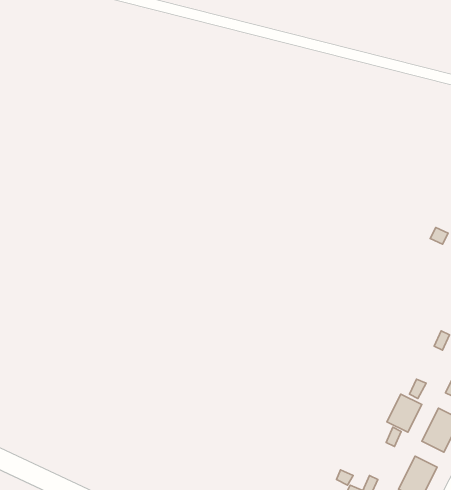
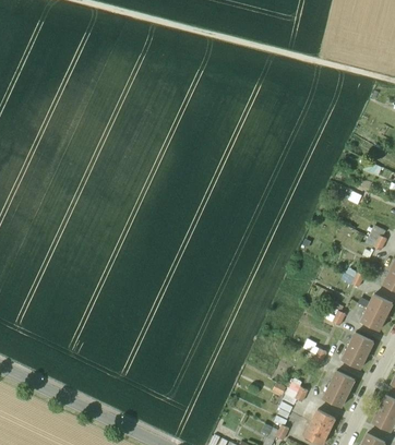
building: [387,394,422,432] -> none

